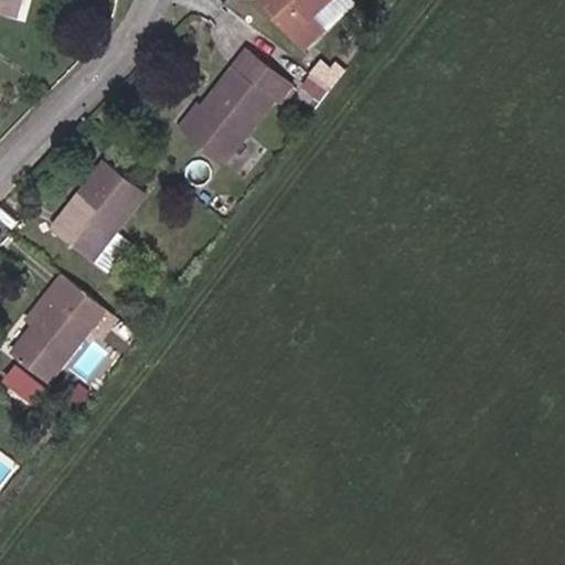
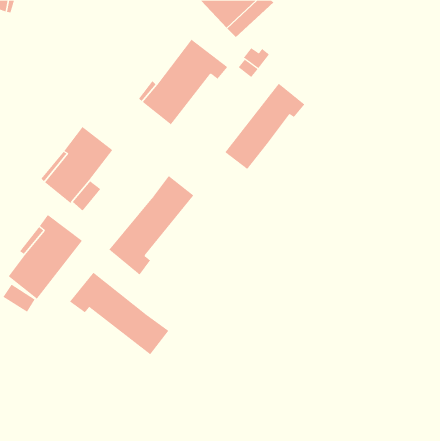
building: none -> [225,83,305,170]
building: none -> [109,175,194,275]
building: none -> [69,272,169,355]

